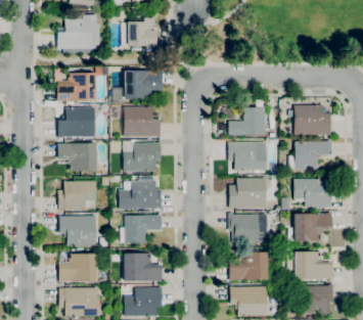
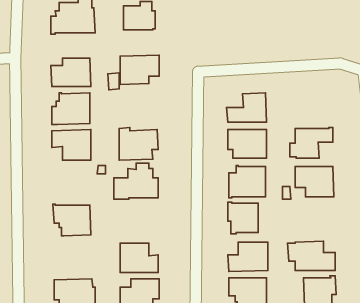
building: [294,104,331,135] -> none
building: [115,105,161,137] -> none
building: [59,180,97,209] -> none
building: [288,213,332,241] -> none
building: [121,214,162,243] -> none
building: [59,254,97,281] -> none

